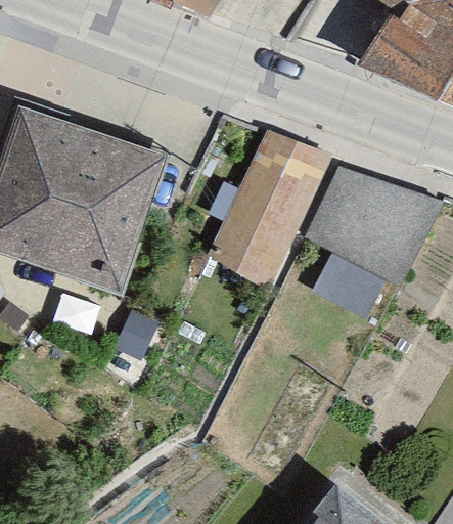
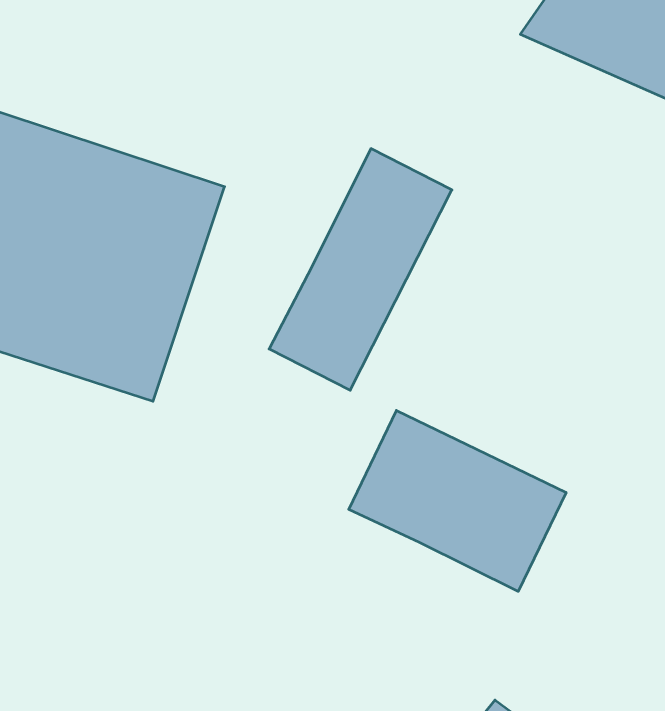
building: [303,163,437,289] -> none
building: none -> [349,410,566,591]

